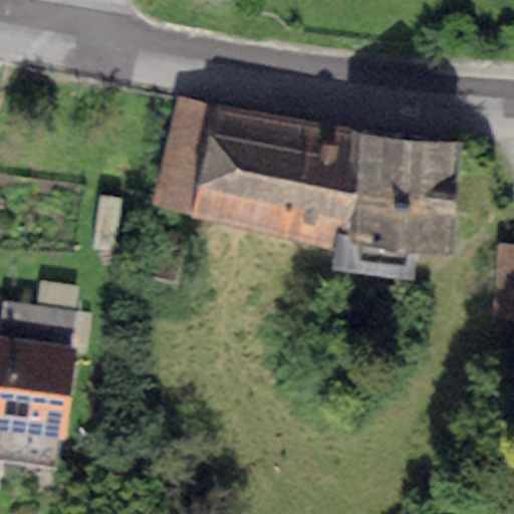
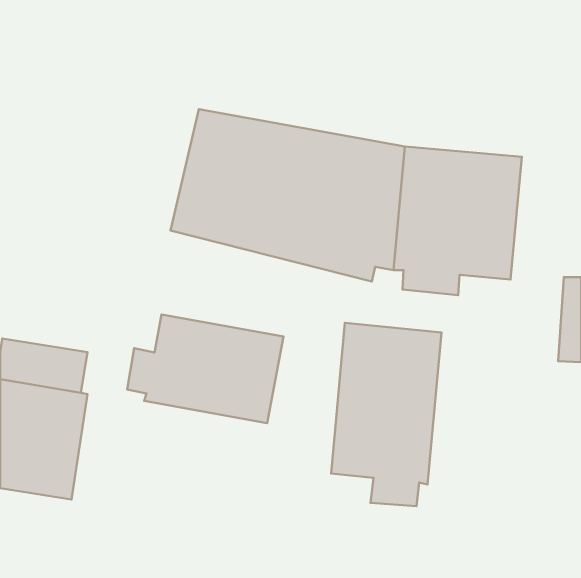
building: none -> [127,315,283,423]
building: none -> [331,323,442,506]

